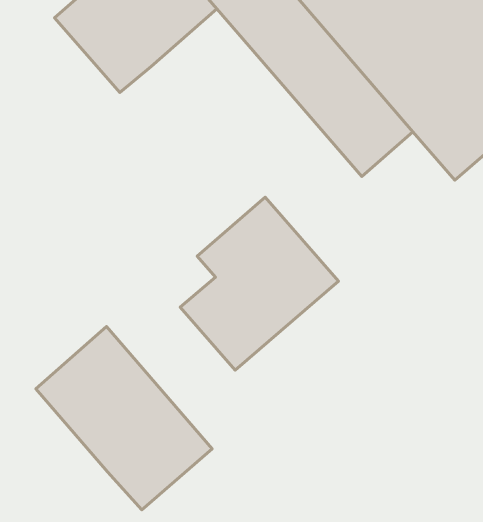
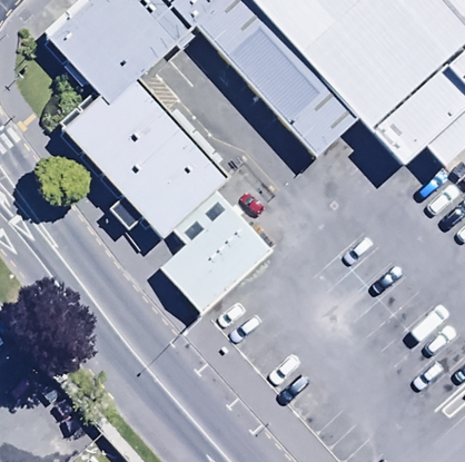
building: none -> [65,69,236,244]
building: [36,326,212,510] -> none

